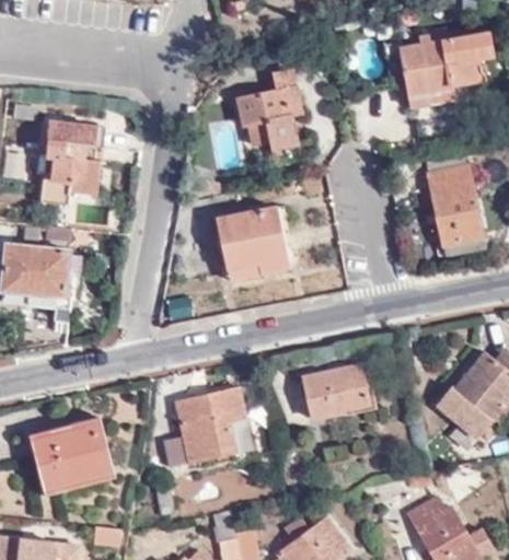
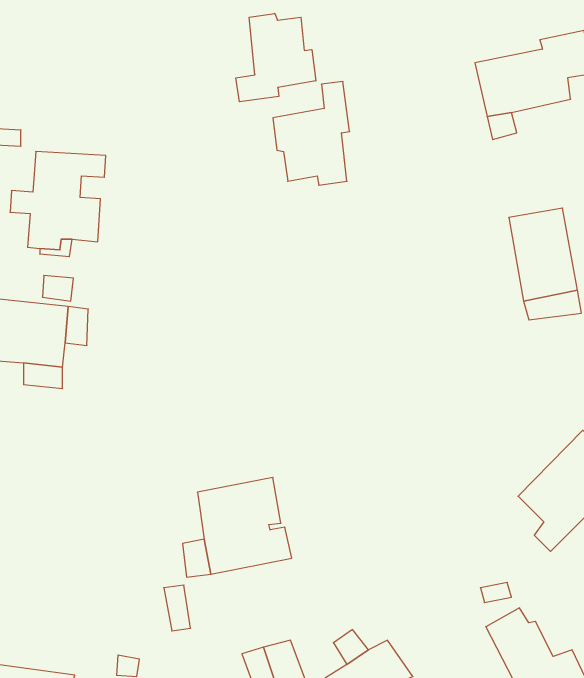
building: none -> [236,13,316,102]
building: [217,209,287,271] -> none
building: [302,366,369,419] -> none
building: [26,423,99,486] -> none

